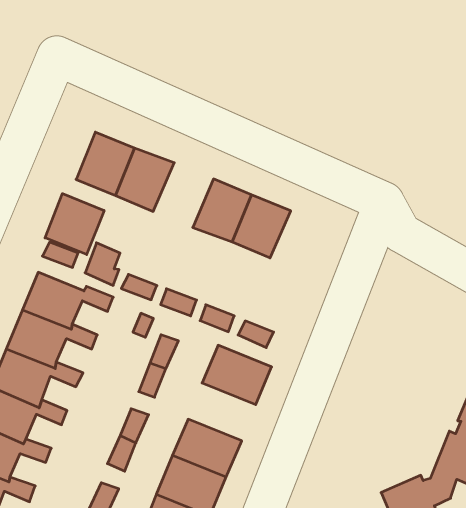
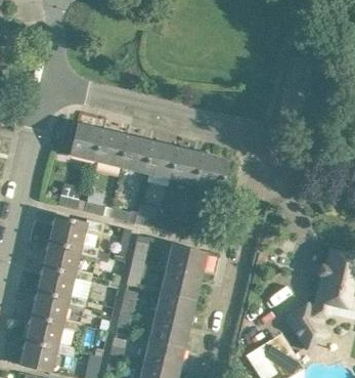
building: none -> [121,135,154,173]
building: [45,194,104,255] -> none
building: none -> [196,154,229,191]
building: none -> [162,267,202,299]

